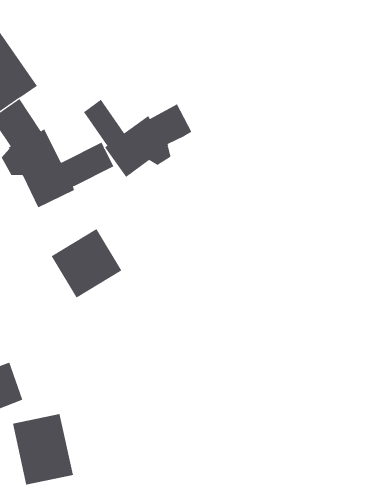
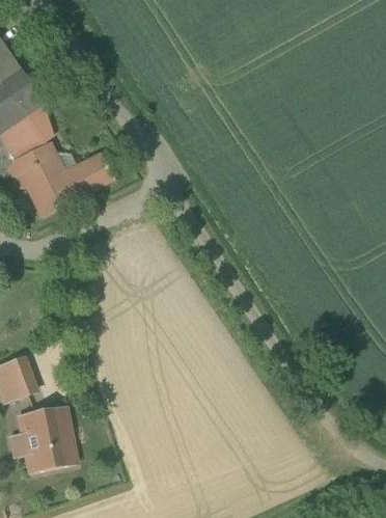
building: [83,99,192,178] -> none
building: [51,228,122,299] -> none

